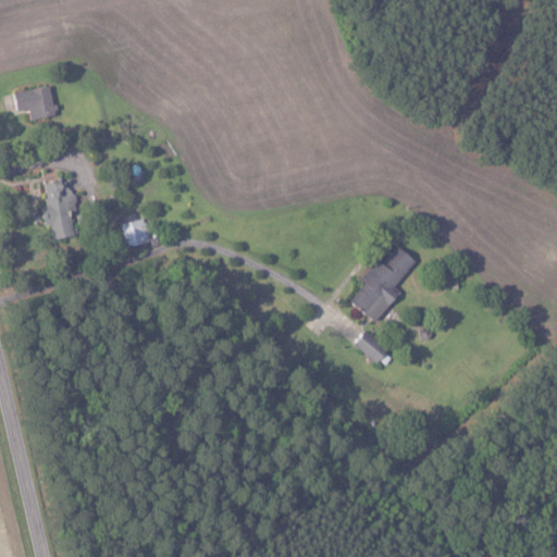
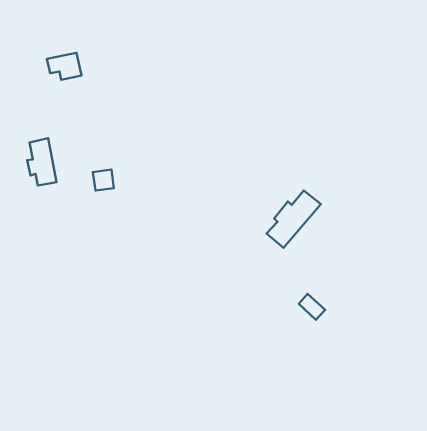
building: [12,85,57,120] -> [47,53,82,80]
building: [355,330,388,363] -> [299,294,325,320]

